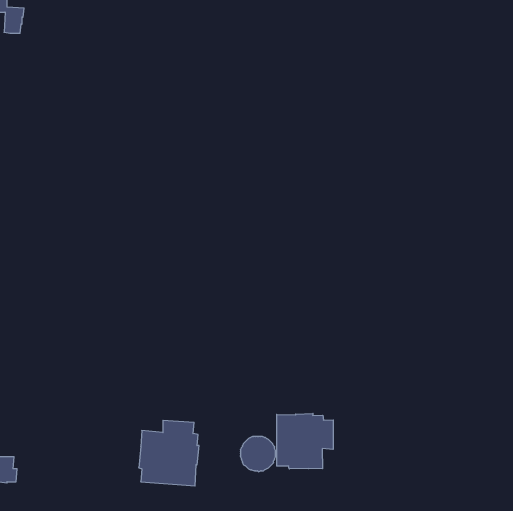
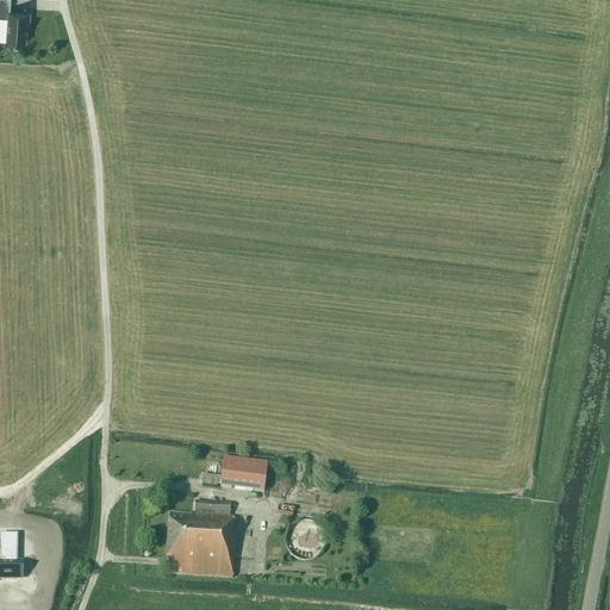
building: none -> [200,454,267,487]
building: [277,413,333,469] -> none

